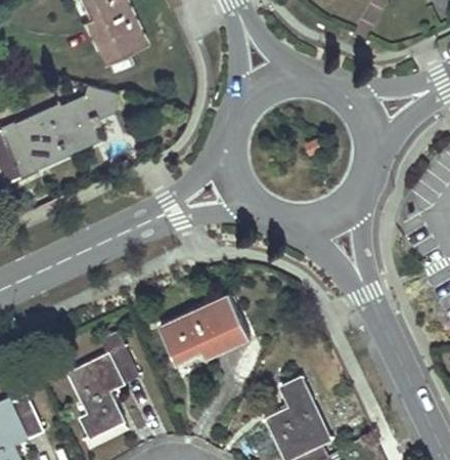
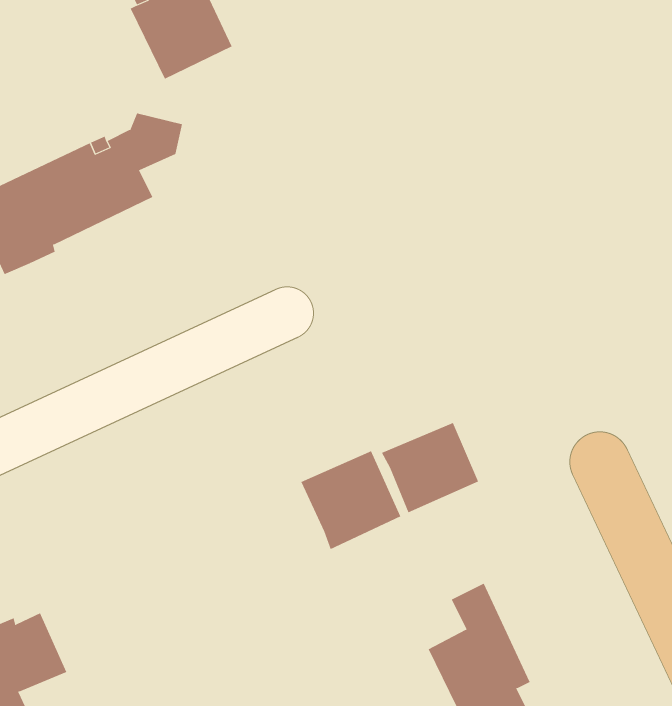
building: none -> [381,422,479,513]
building: [161,315,201,358] -> none
building: [70,332,139,437] -> none

